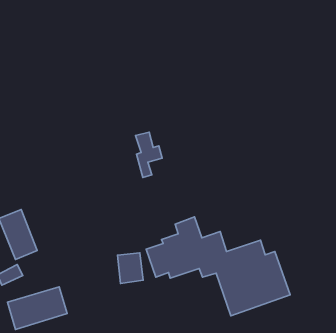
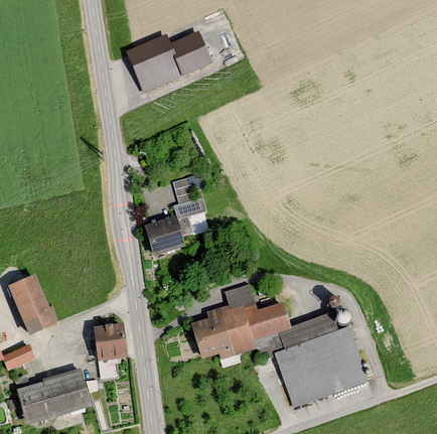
building: none -> [126,30,212,92]
building: none -> [145,215,185,256]
building: [117,253,143,283] -> [92,322,124,360]

